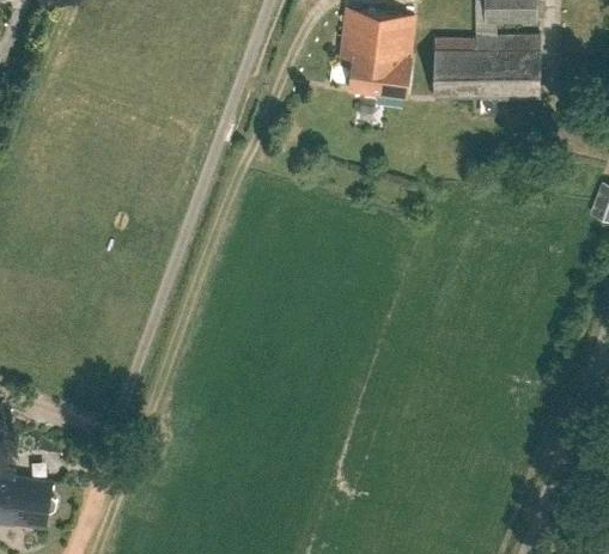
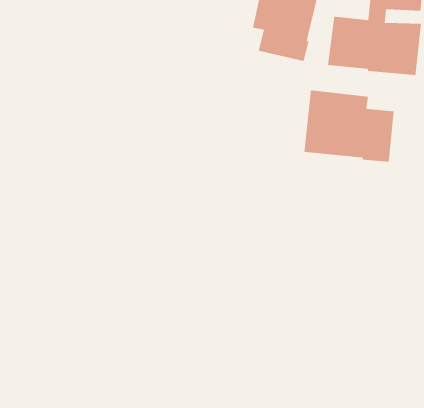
building: none -> [304,90,394,163]

